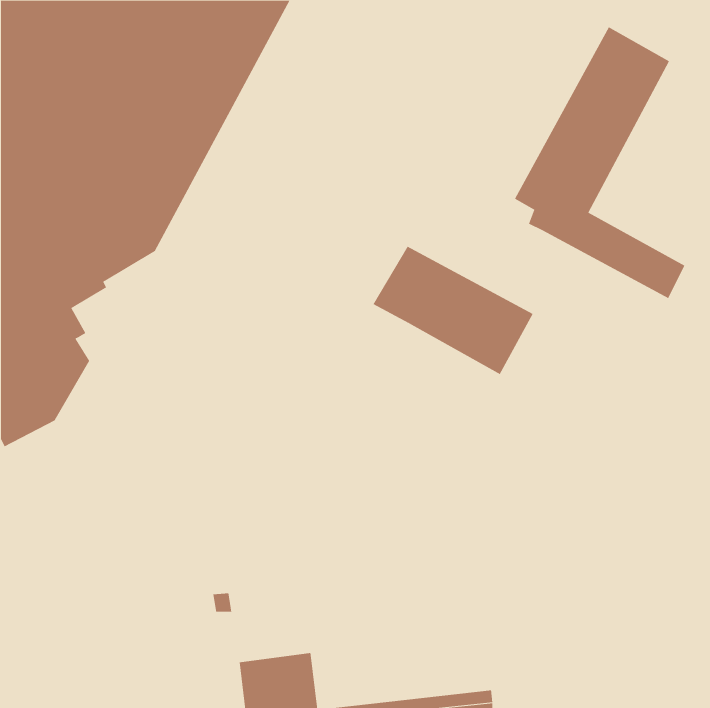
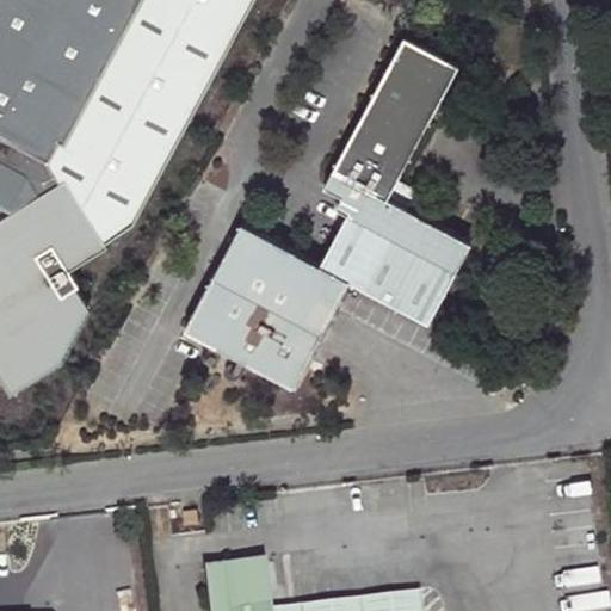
building: [514,27,685,299] -> [326,37,473,271]
building: none -> [183,221,351,385]

